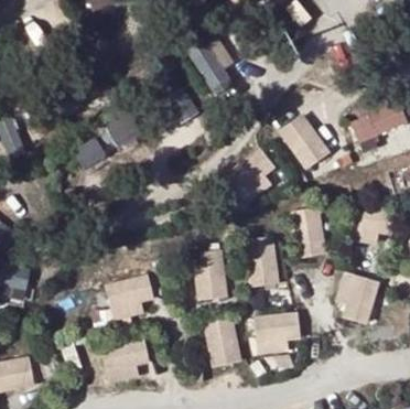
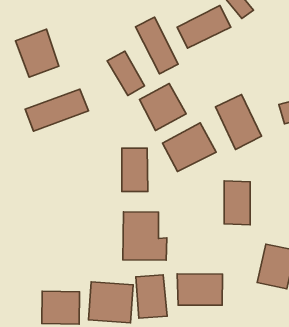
building: none -> [177,6,231,48]
building: none -> [16,29,59,77]
building: none -> [140,83,186,130]
building: [248,236,280,286] -> [122,148,148,191]
building: [108,275,154,316] -> [88,282,133,323]

